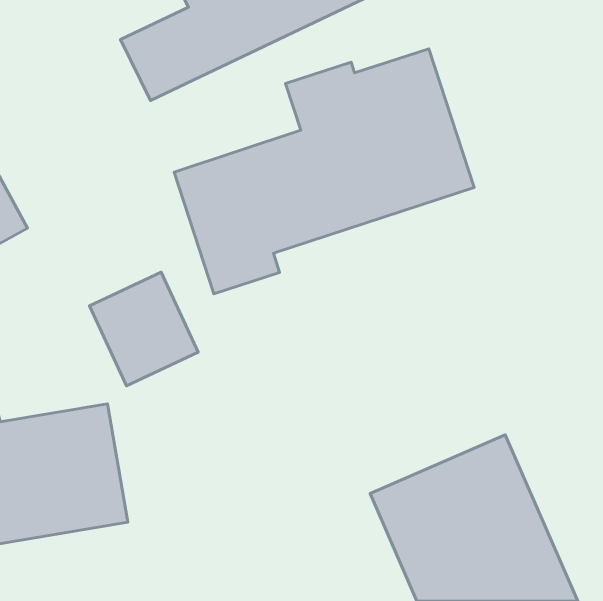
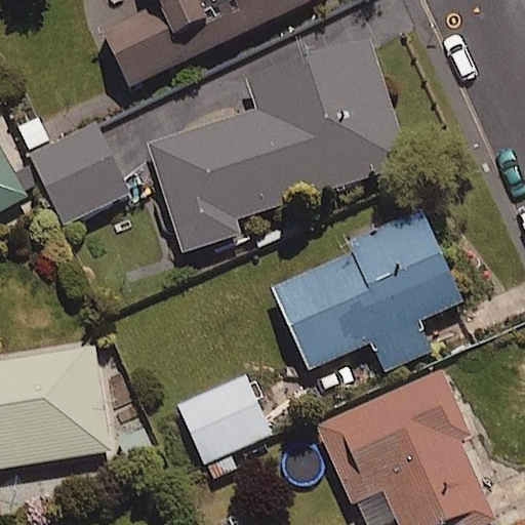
building: none -> [273,210,462,369]
building: [90,272,198,386] -> [32,126,125,224]
building: none -> [177,373,271,476]

